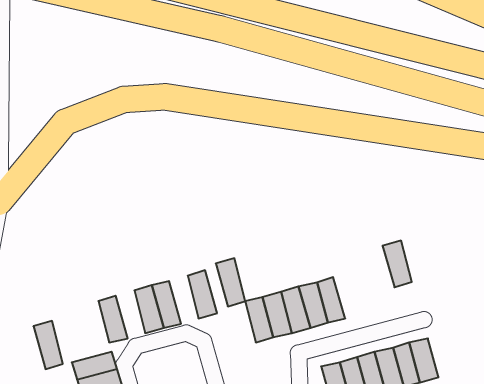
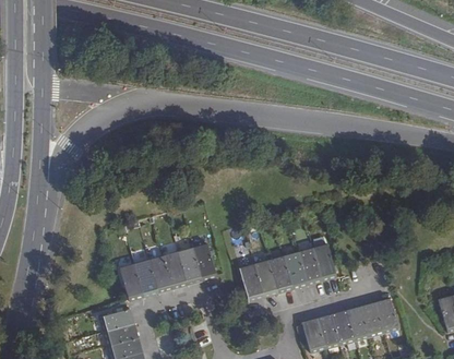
building: [382,241,412,287] -> [312,243,336,282]
building: [216,258,245,306] -> [178,247,202,286]
building: [33,321,63,369] -> [134,259,158,298]

